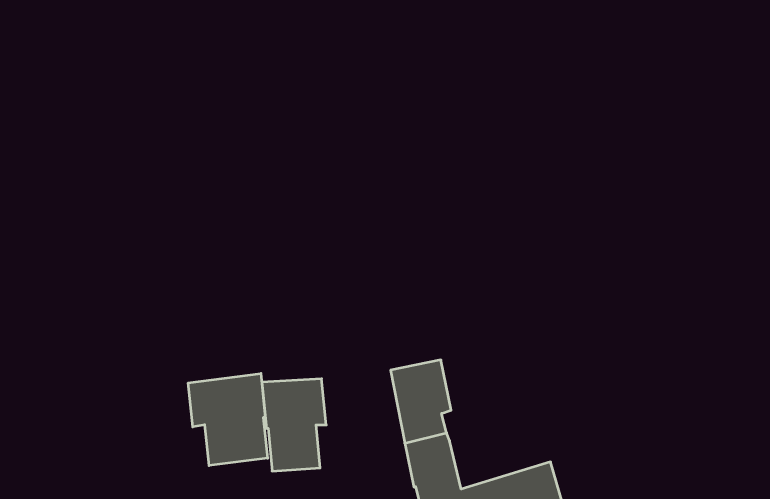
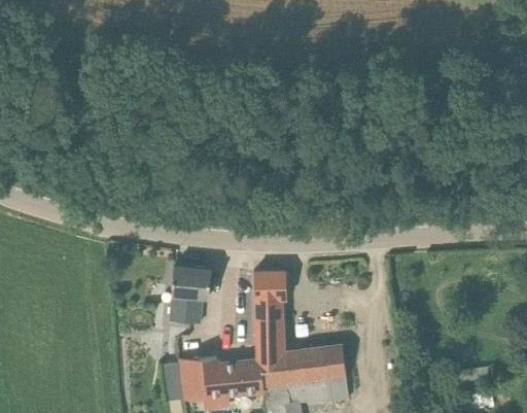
building: [188,373,268,466] -> none

